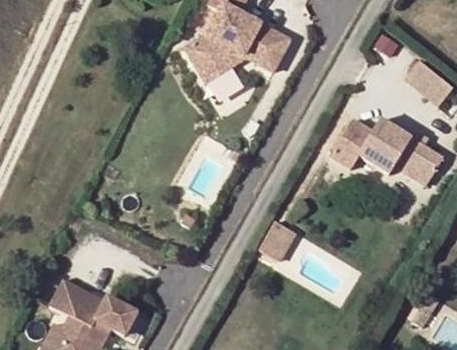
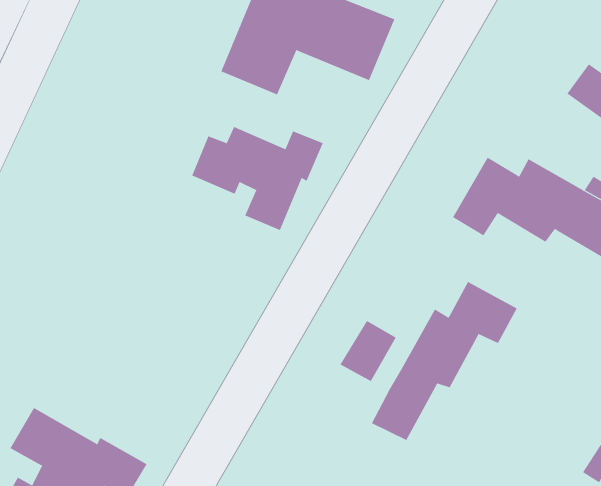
building: none -> [191,126,323,231]
building: none -> [371,281,517,441]

